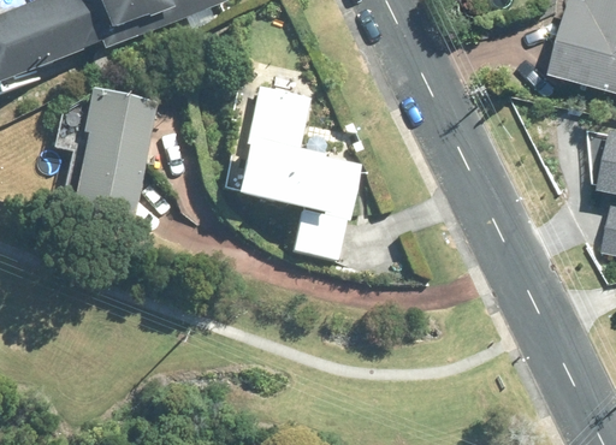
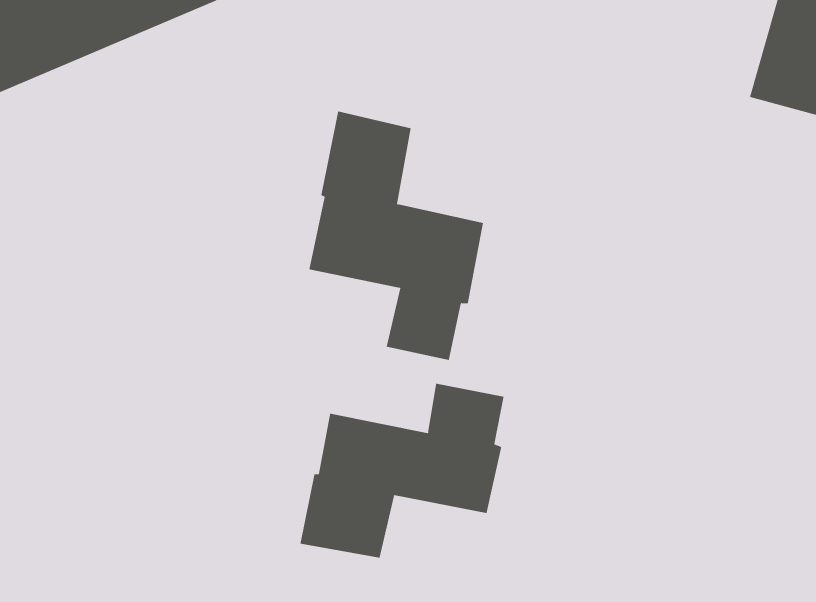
building: [57,88,160,215] -> none
building: none -> [300,383,504,559]

